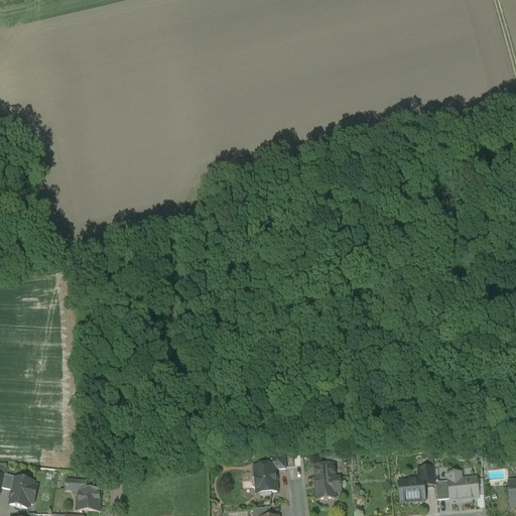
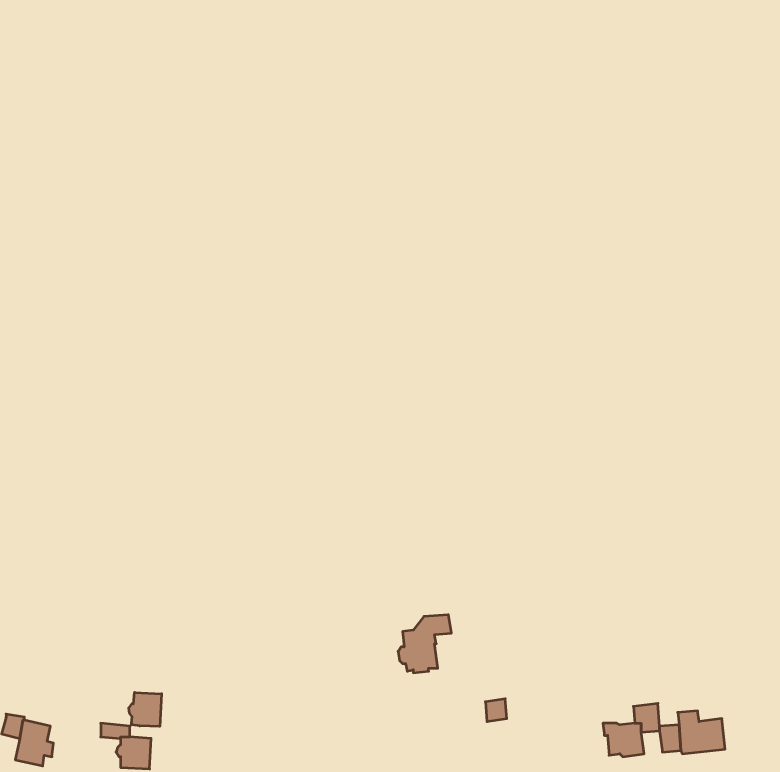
building: [251,454,286,492] -> [398,615,451,673]
building: none -> [129,692,162,726]
building: [315,475,341,497] -> none

